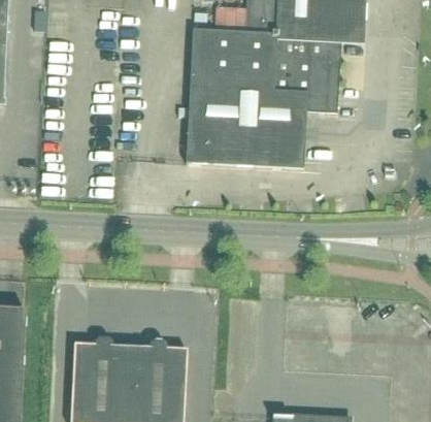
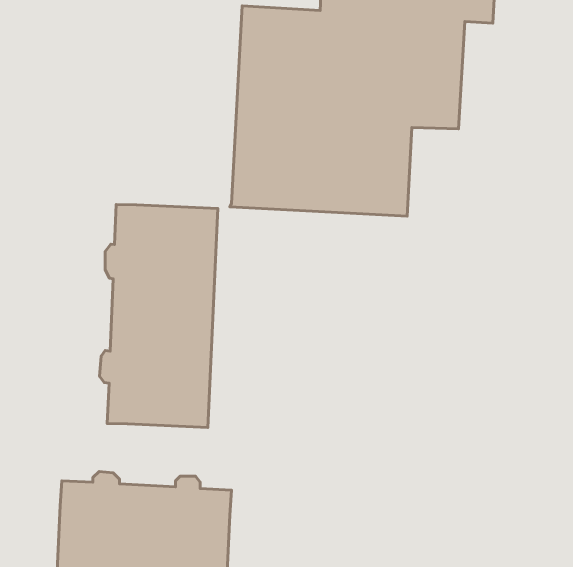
building: none -> [100,204,218,427]

